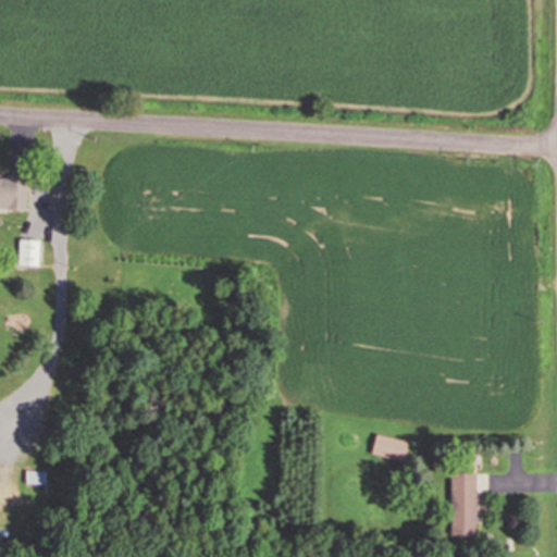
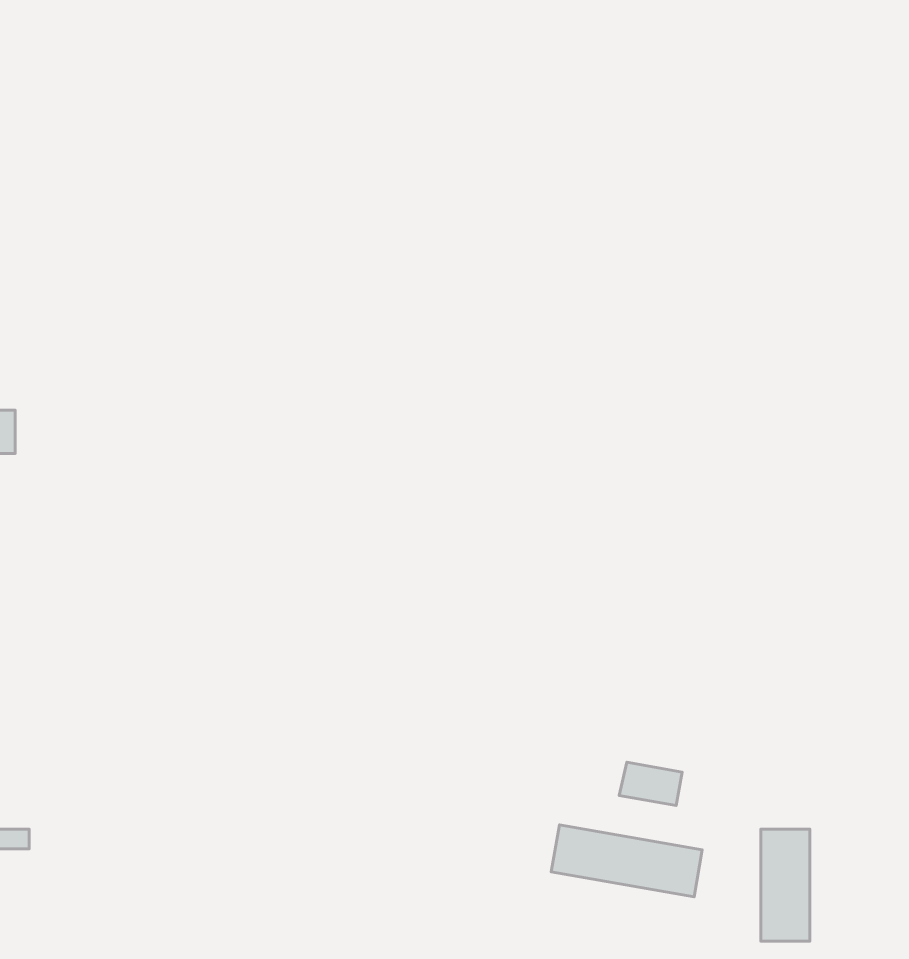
building: none -> [551,825,702,897]

